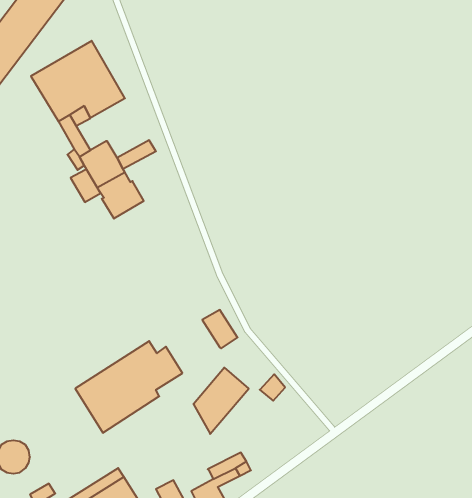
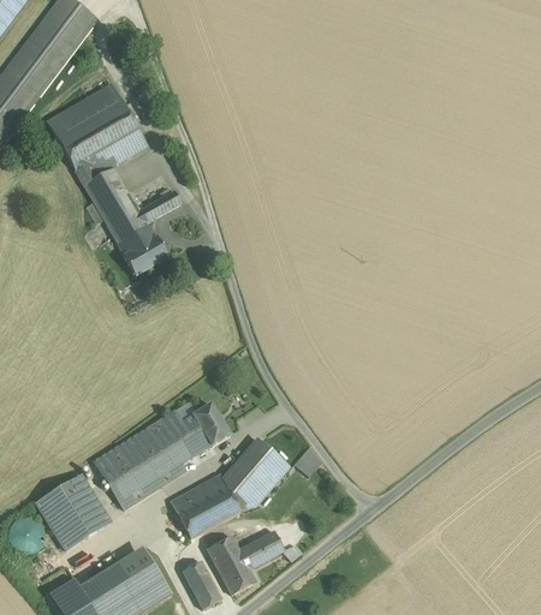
building: [71,169,100,202] -> [95,166,127,202]
building: [202,310,238,348] -> [191,404,230,446]
building: none -> [170,473,240,538]
building: none -> [36,476,111,550]
building: none -> [207,536,244,573]

